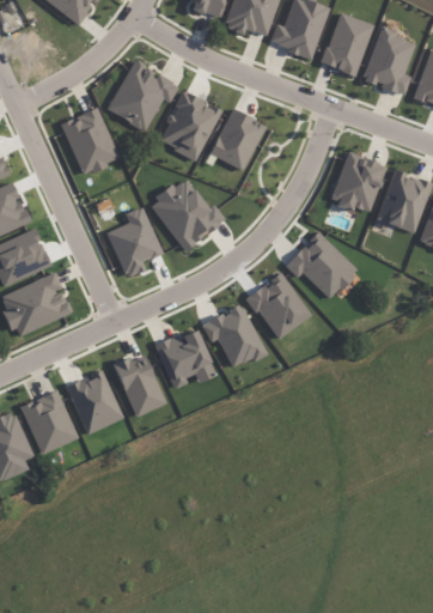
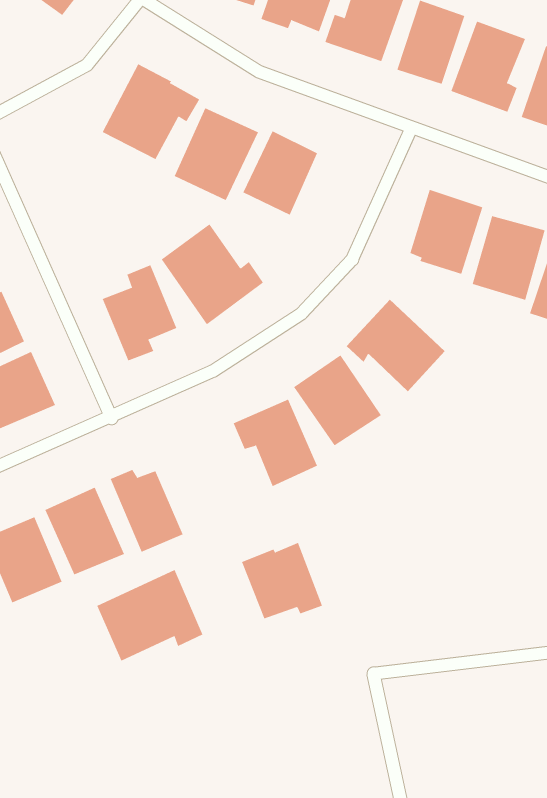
building: [60,108,120,176] -> none
building: [154,330,214,387] -> [241,542,323,619]
building: none -> [97,569,203,661]

